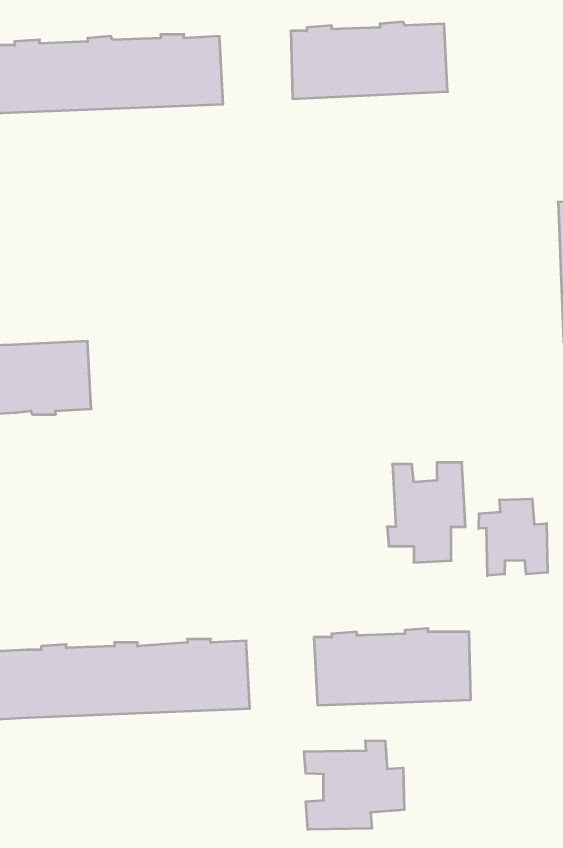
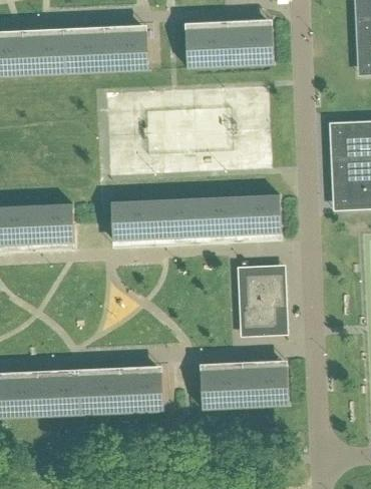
building: none -> [109,194,280,241]
building: [479,499,548,576] -> none
building: [304,741,404,830] -> none

